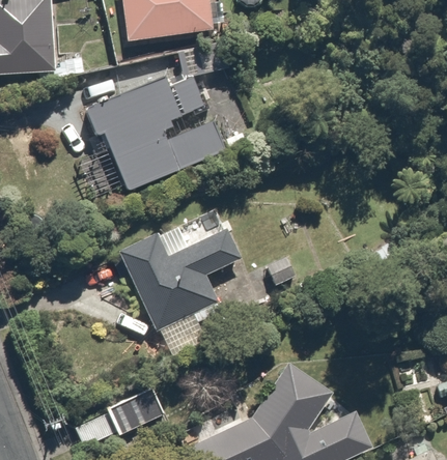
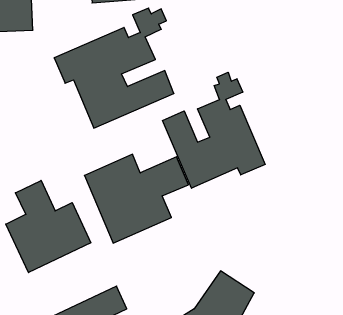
building: none -> [162,72,265,188]
building: none -> [6,180,91,273]

